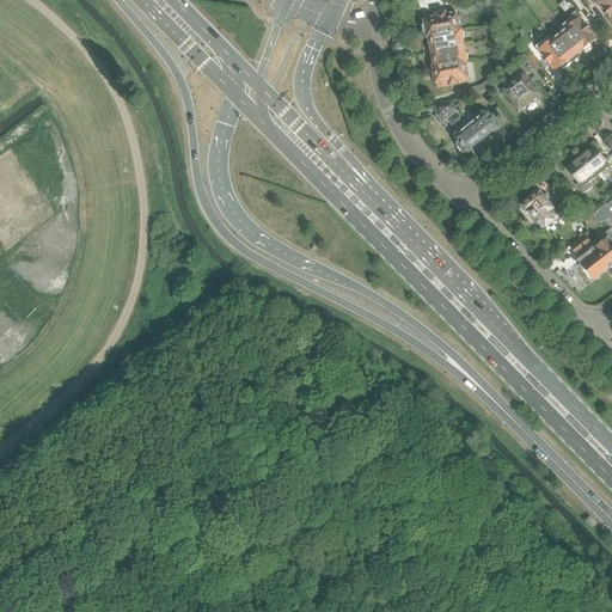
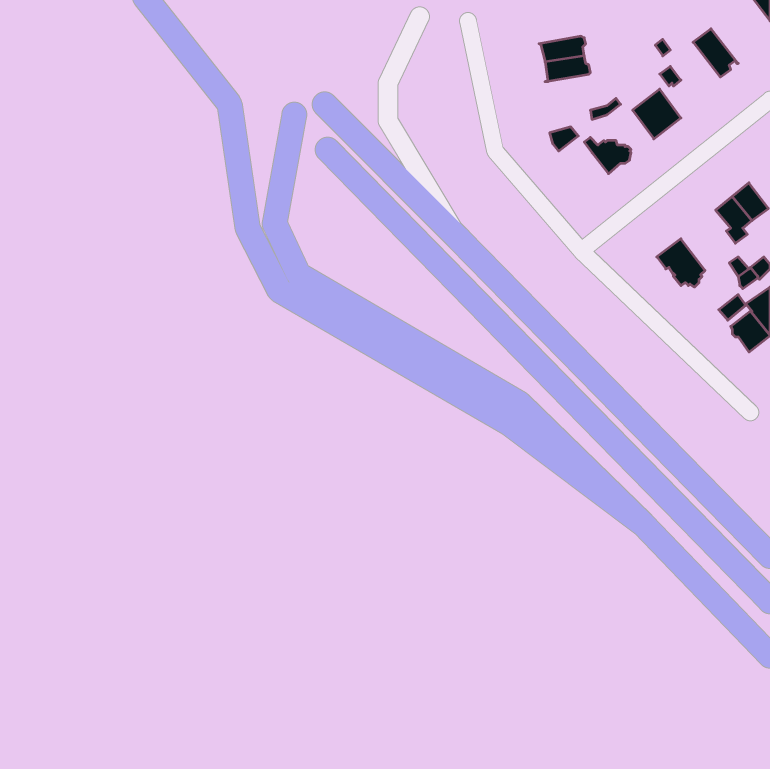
building: [422,8,460,35] -> none
building: [563,10,596,50] -> none
building: [534,33,570,69] -> none
building: [430,59,469,85] -> none
building: [448,110,482,152] -> none

